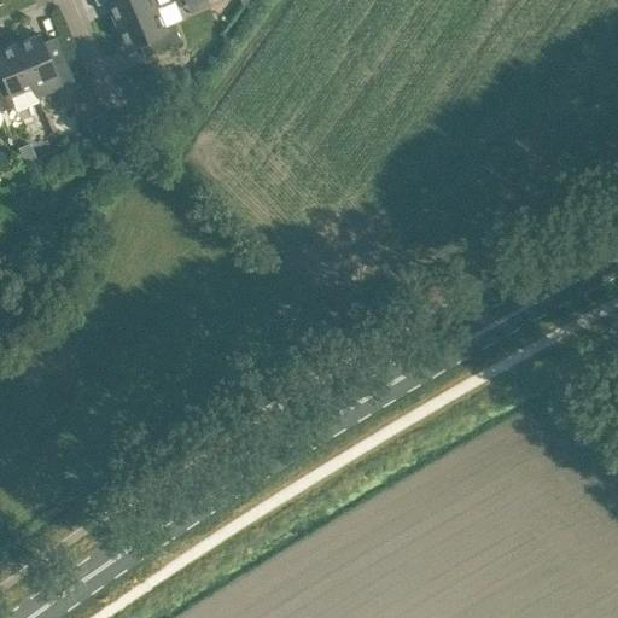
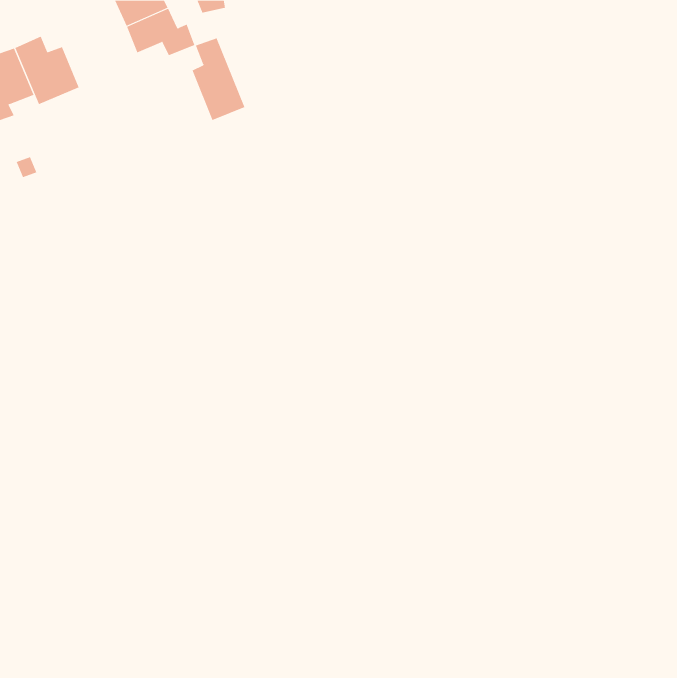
building: none -> [192,37,245,121]

